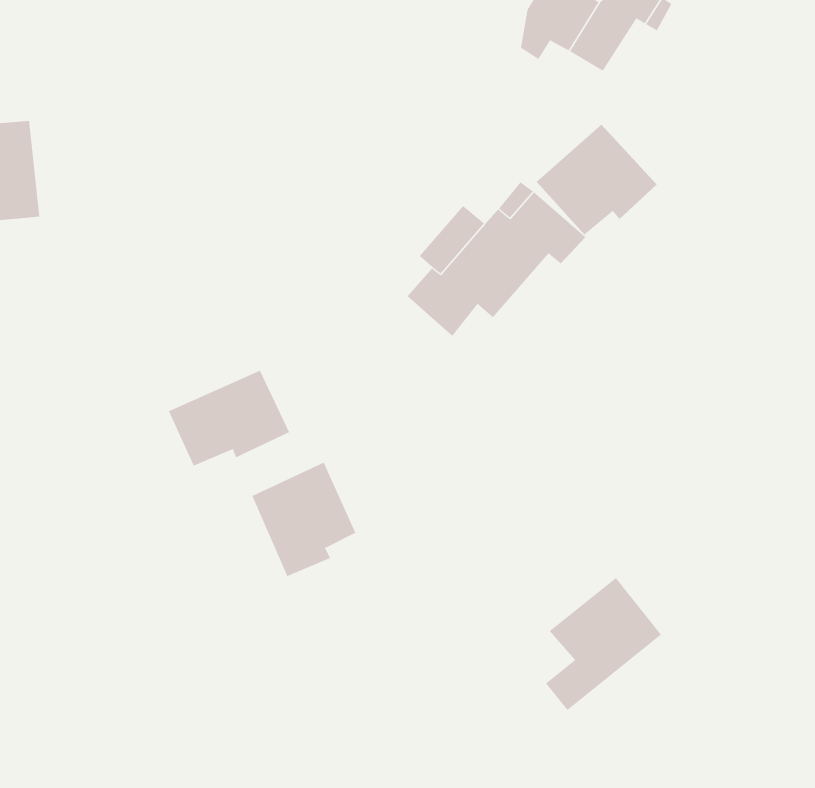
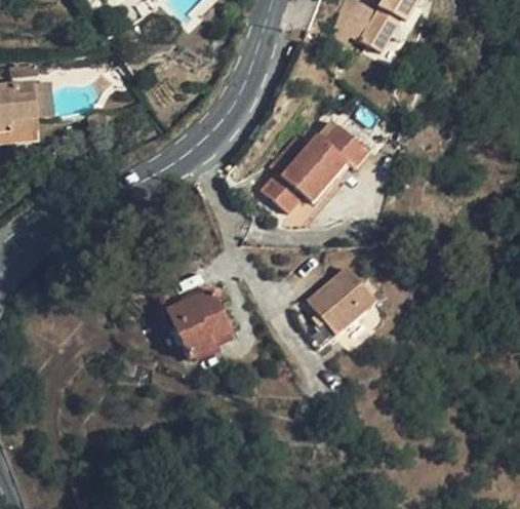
building: [536,124,657,236] -> none
building: [168,370,290,466] -> none
building: [545,577,662,711] -> [306,268,376,349]

